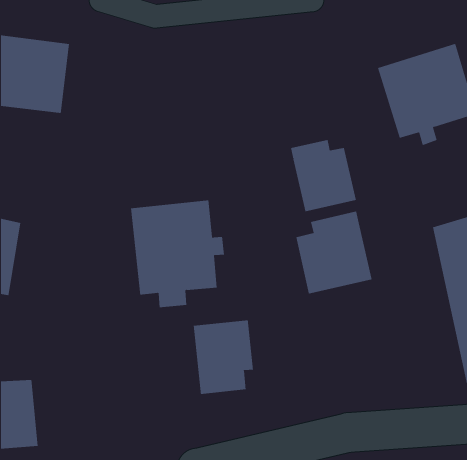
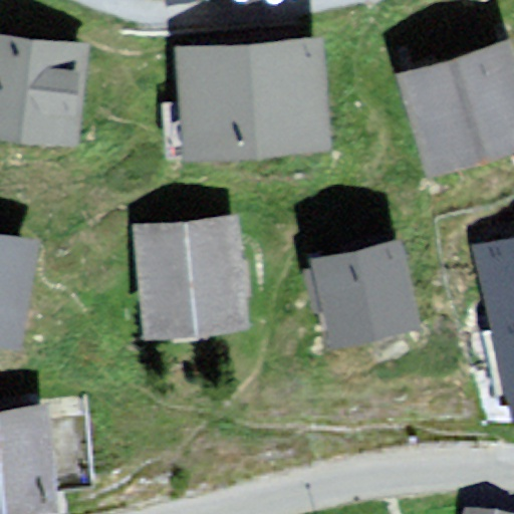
building: none -> [192,40,317,143]
building: [290,139,357,212] -> none
building: [193,319,253,395] -> none

